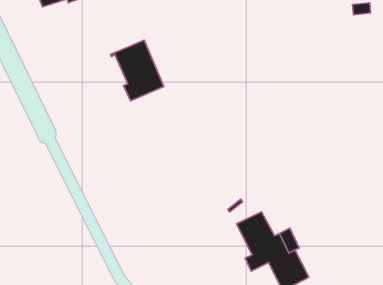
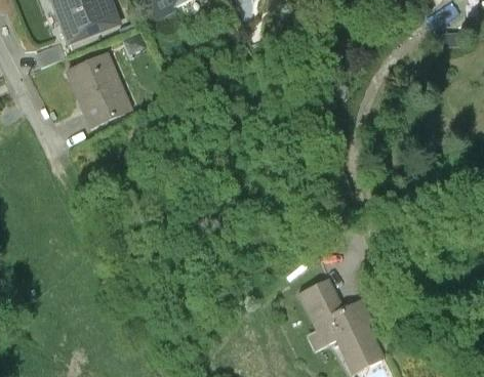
building: [111,40,164,101] -> [66,53,129,126]

